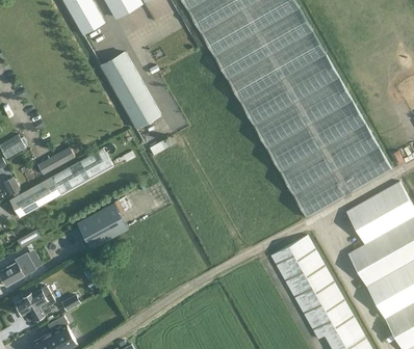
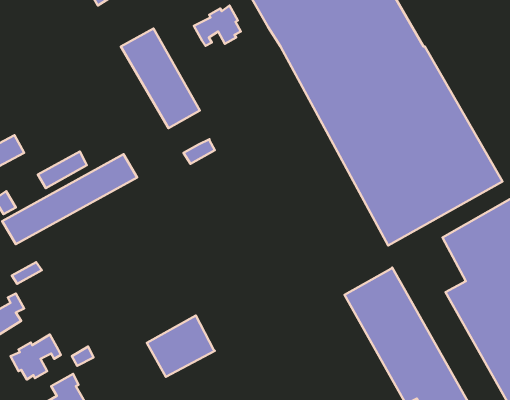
building: none -> [194,6,241,46]
building: [77,203,129,249] -> [147,315,215,377]

